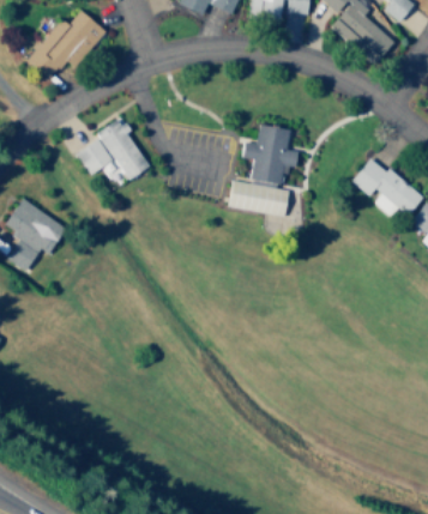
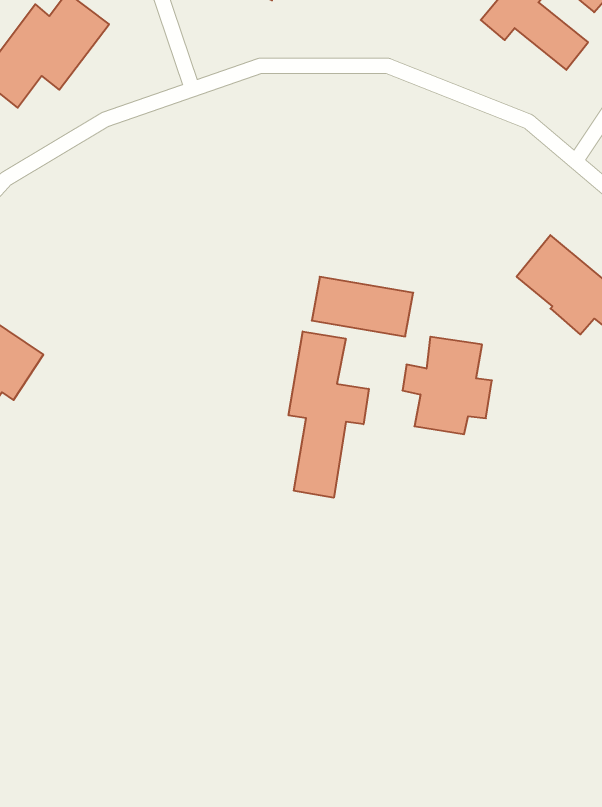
building: [76,117,151,188] -> none
building: [242,125,296,183] -> [402,337,492,434]
building: none -> [289,331,369,498]

